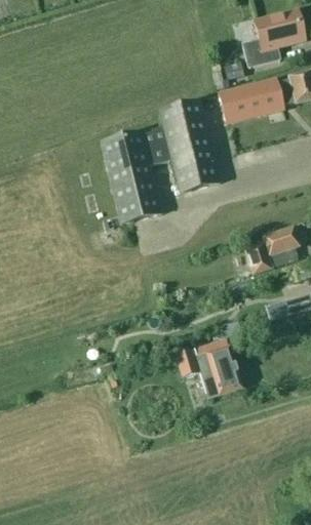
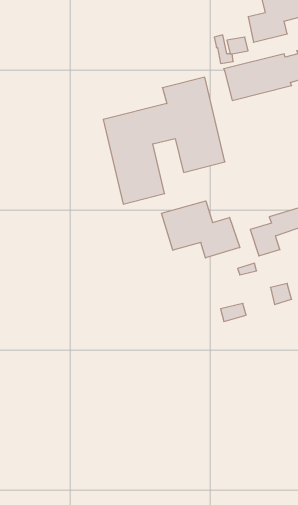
building: none -> [161,201,240,258]
building: [173,338,241,398] -> none

